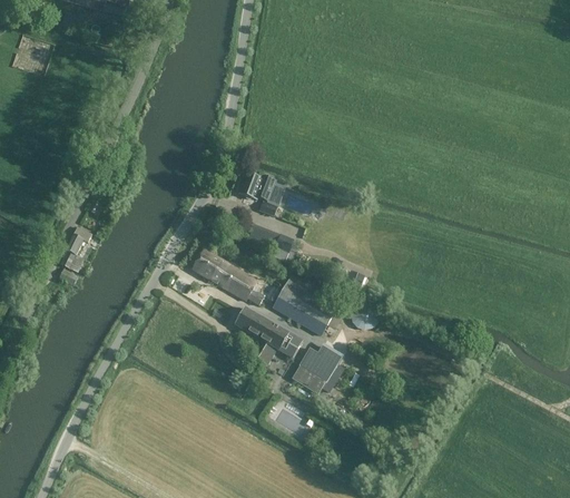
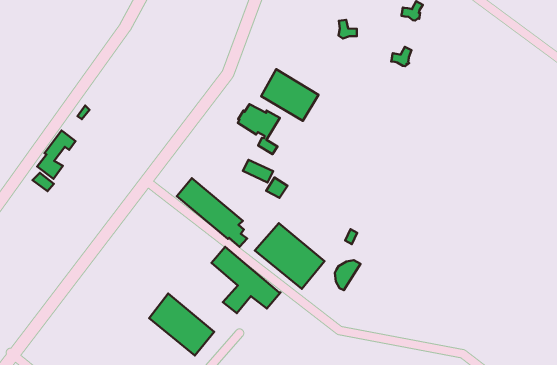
building: none -> [261,69,318,121]
building: [293,344,342,392] -> none
building: none -> [149,293,214,356]

